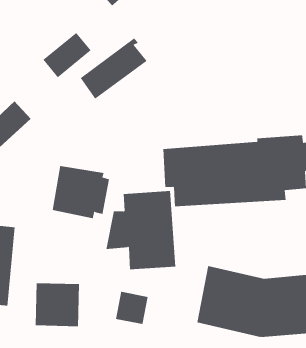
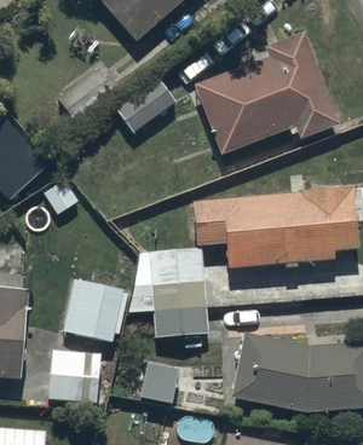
building: none -> [194,42,338,152]
building: [52,165,110,219] -> [64,281,129,341]

